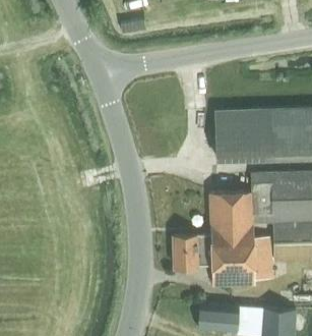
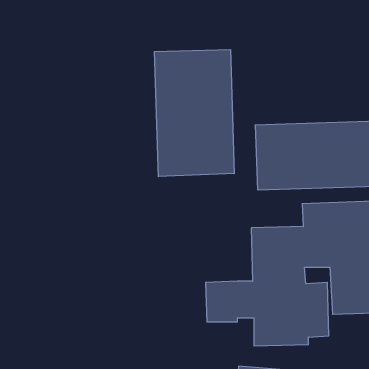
building: none -> [155,50,234,177]

